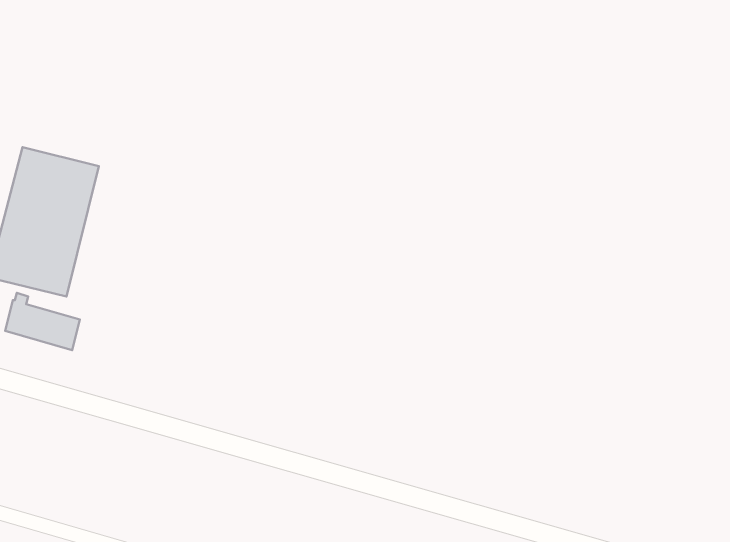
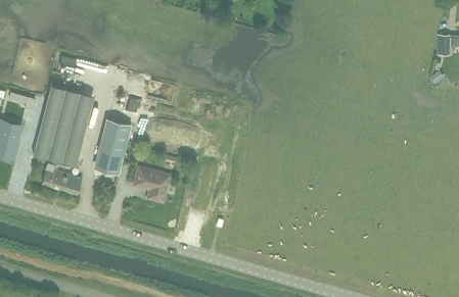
building: none -> [96,117,131,174]
building: none -> [134,166,169,201]

